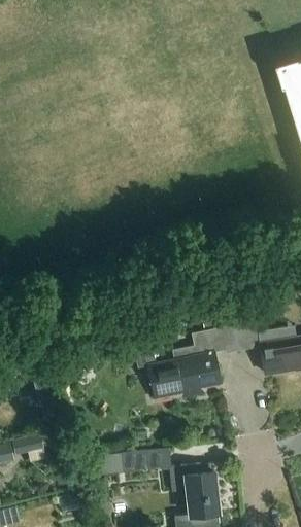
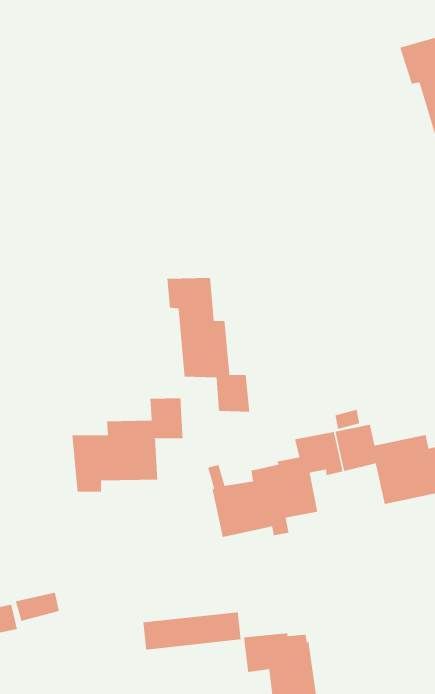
building: none -> [167,277,250,412]
building: none -> [71,398,184,493]

